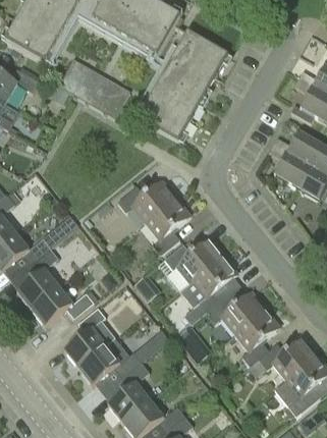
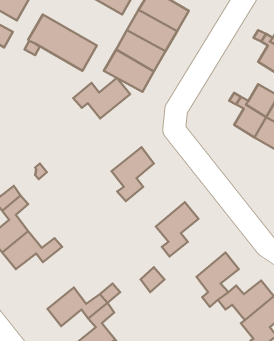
building: [117,179,177,222] -> [73,78,130,118]
building: [164,237,223,282] -> none
building: [207,290,266,333] -> none
building: [64,307,106,367] -> none

